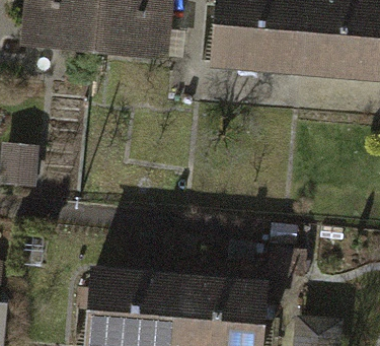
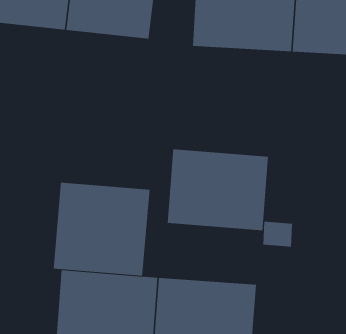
building: none -> [167,149,268,231]
building: none -> [53,182,150,276]

